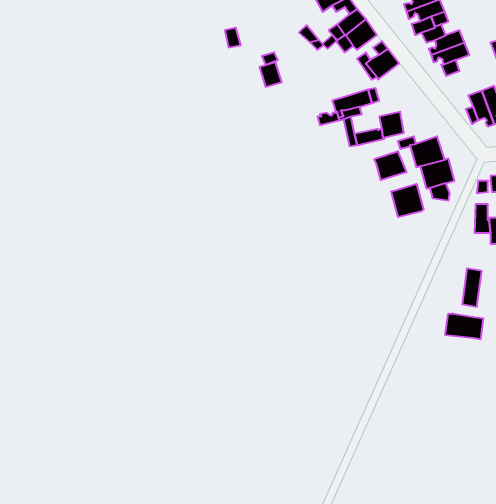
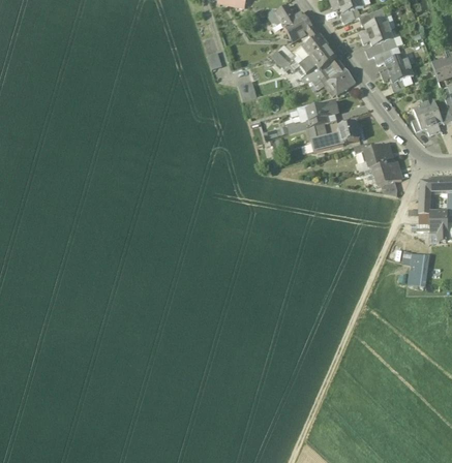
building: [374,151,406,180] -> none
building: [391,184,424,217] -> none
building: [445,313,483,339] -> none

